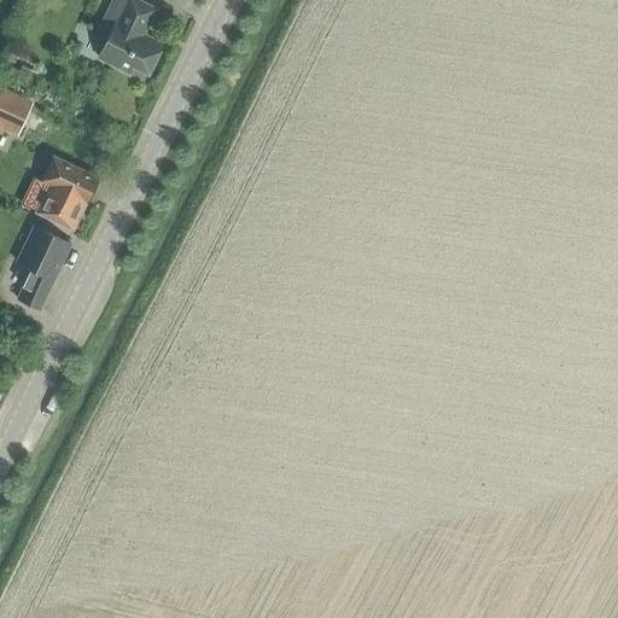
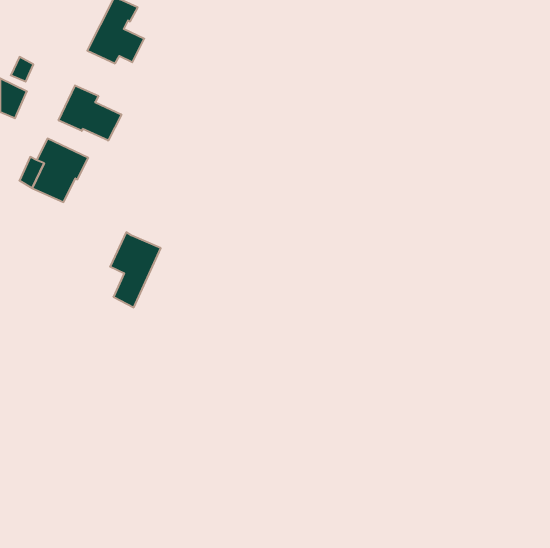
building: none -> [59,85,121,141]
building: [13,225,70,309] -> [110,232,161,307]

